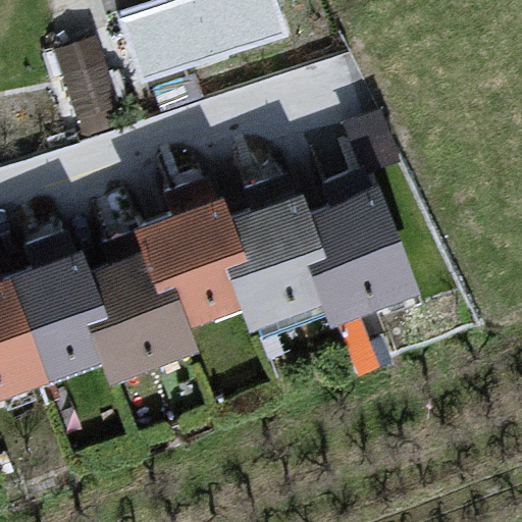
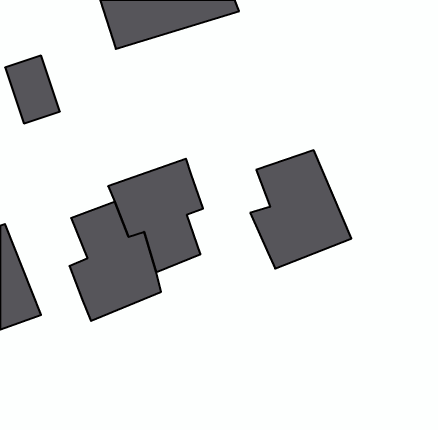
building: [57,43,122,123] -> [5,56,60,123]
building: [222,193,321,336] -> none
building: [6,251,104,384] -> none

